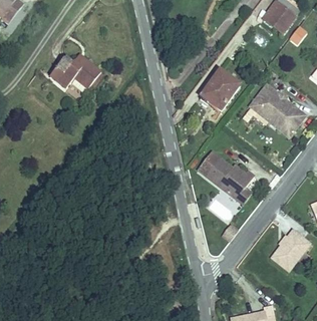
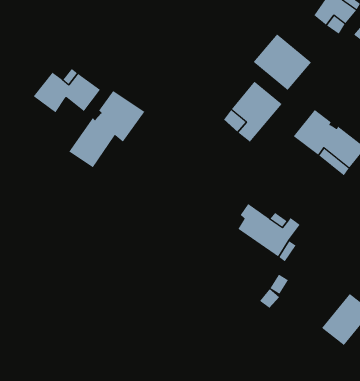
building: none -> [253,34,312,91]
building: none -> [68,90,145,168]

